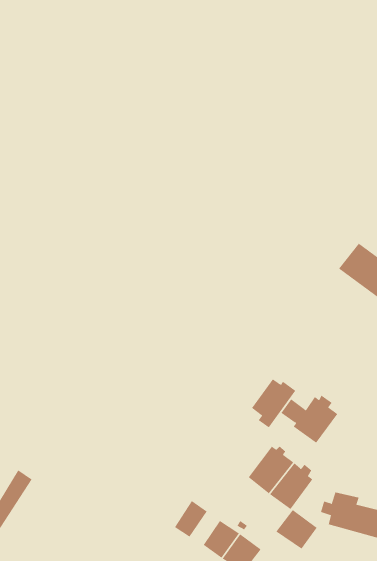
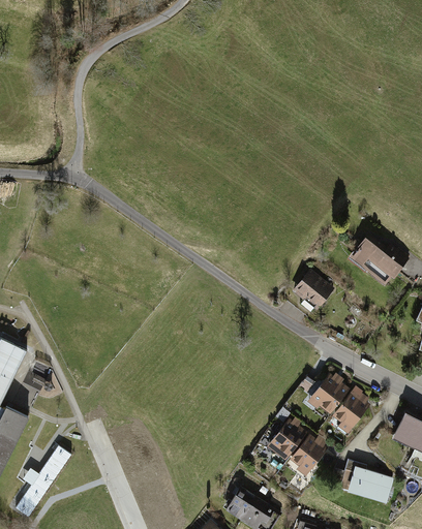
building: none -> [291,269,333,311]
building: [251,378,296,428] -> [329,390,370,435]
building: [174,500,208,538] -> none
building: [276,509,317,550] -> none

